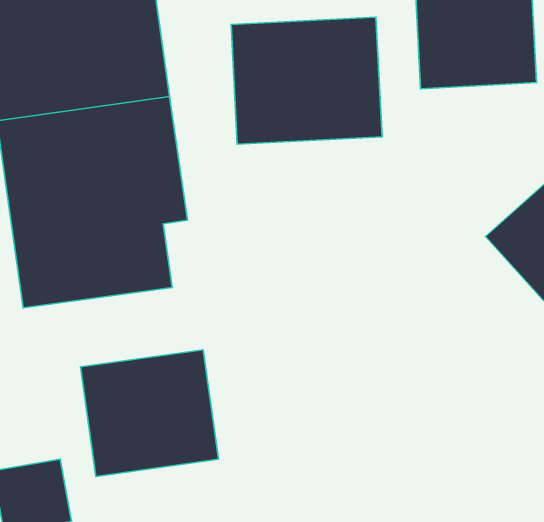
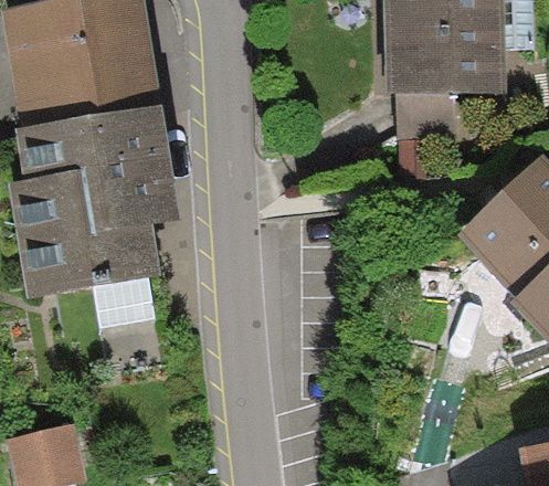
building: [231,17,382,144] -> none
building: [81,350,218,476] -> none

